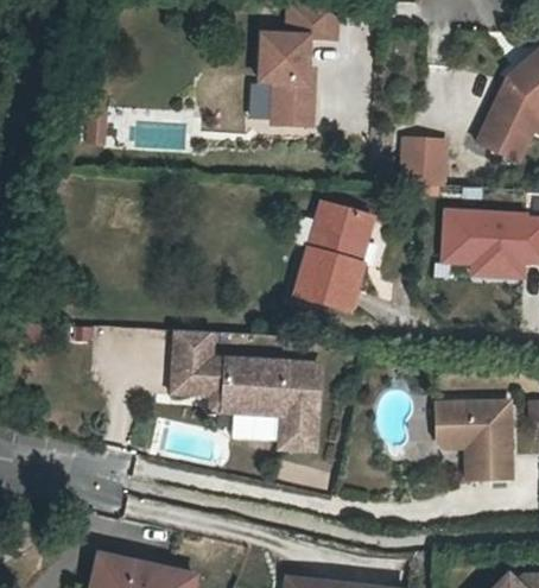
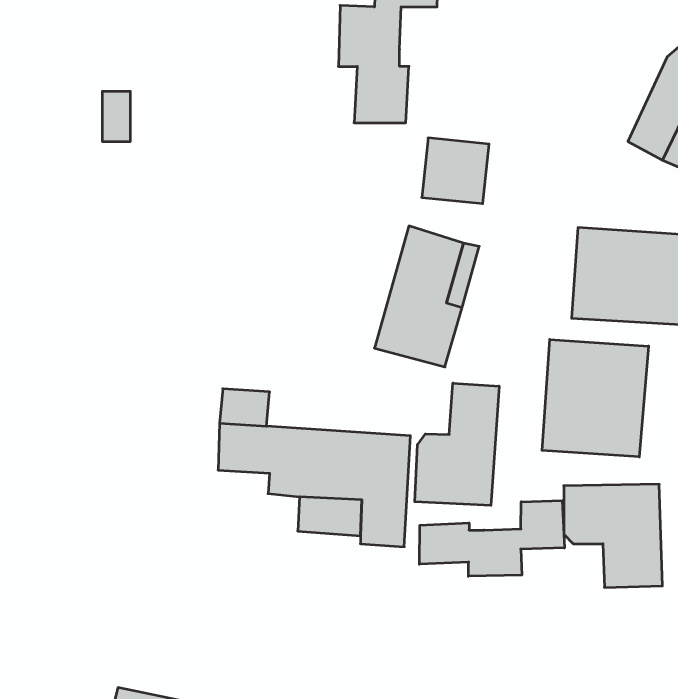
building: [398,133,449,183] -> [422,138,489,204]
building: none -> [542,339,649,457]
building: none -> [415,383,499,505]
building: none -> [419,501,564,576]

